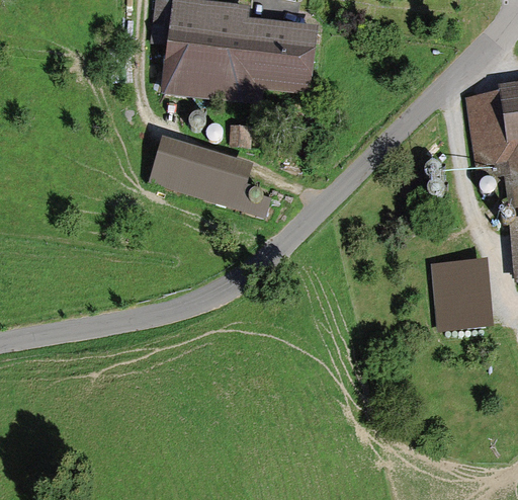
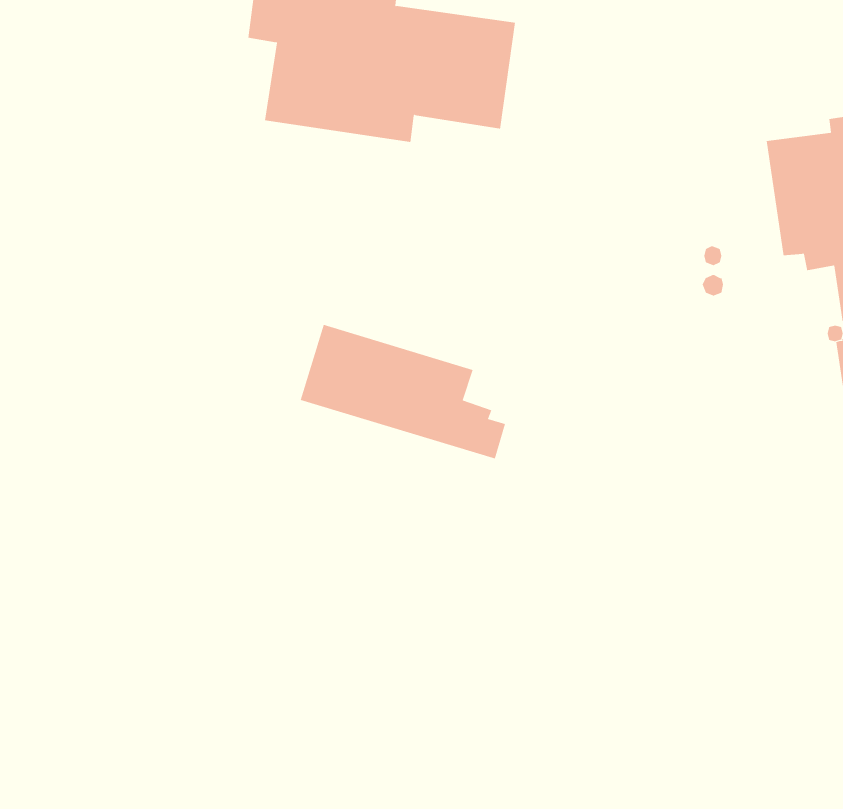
building: [150,136,273,217] -> [300,324,506,459]
building: [432,259,492,327] -> none

